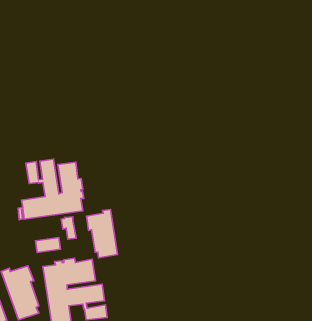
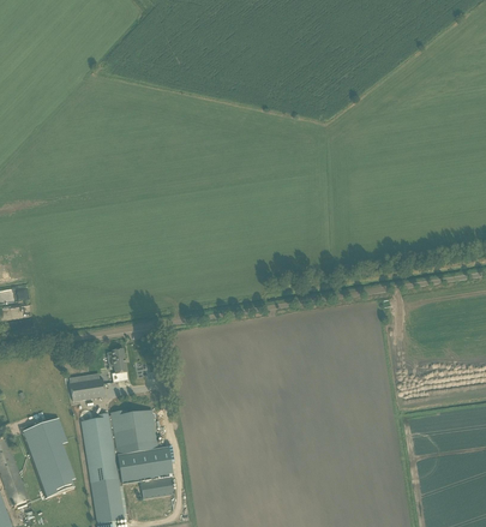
building: [18,159,84,220] -> none
building: [87,209,117,258] -> none

